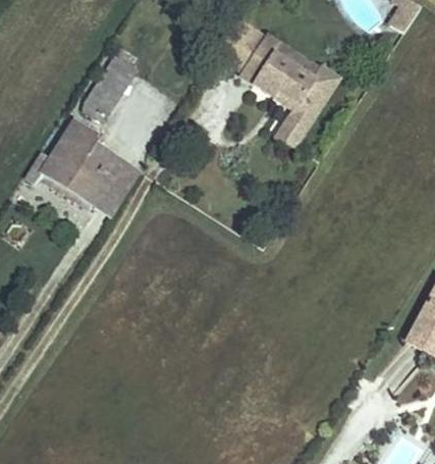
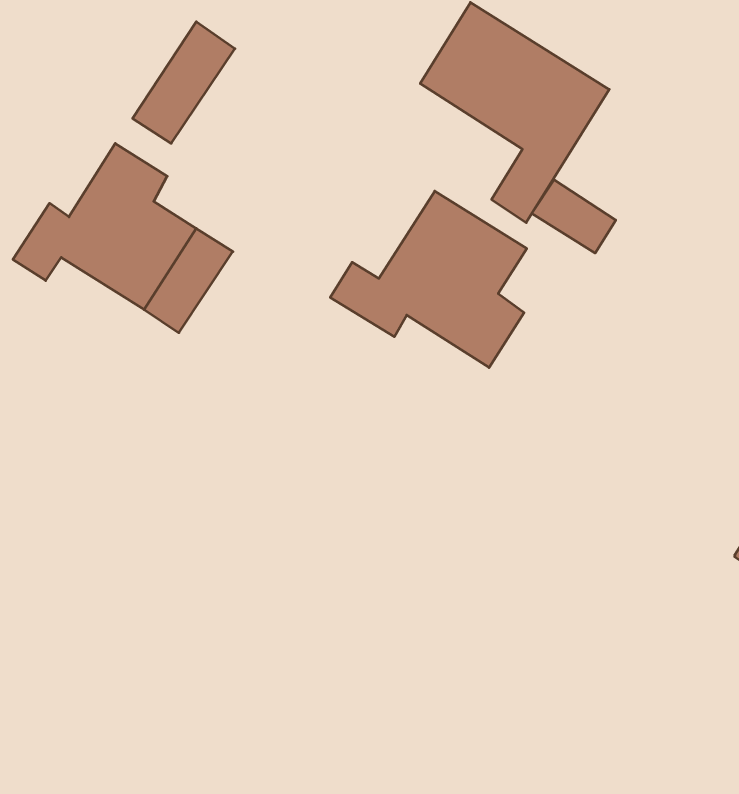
building: none -> [532,180,616,253]
building: none -> [330,191,527,368]

